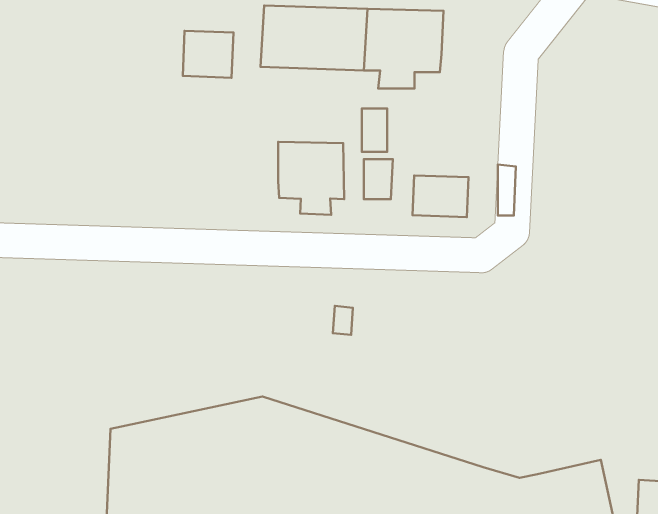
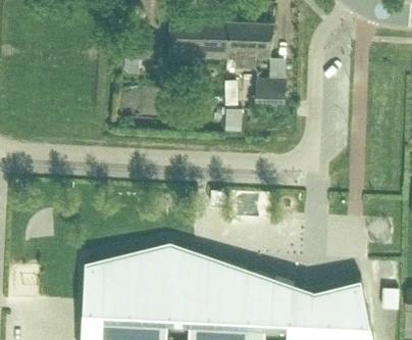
building: [278,142,344,215] -> none
building: [412,175,469,217] -> [254,79,286,102]

